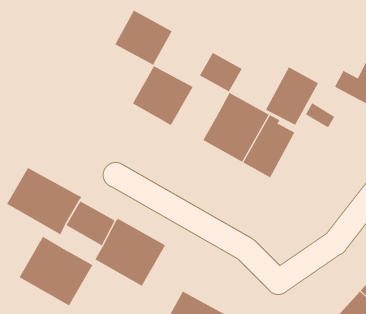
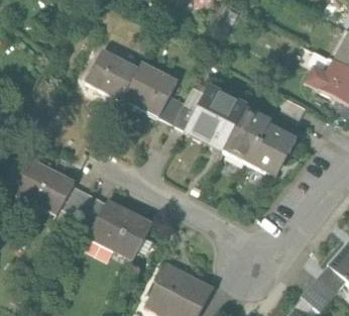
building: [114,10,172,66] -> [86,48,138,99]
building: [199,52,243,92] -> [159,92,199,128]
building: [265,66,319,126] -> [248,123,297,177]
building: [19,236,93,306] -> none

